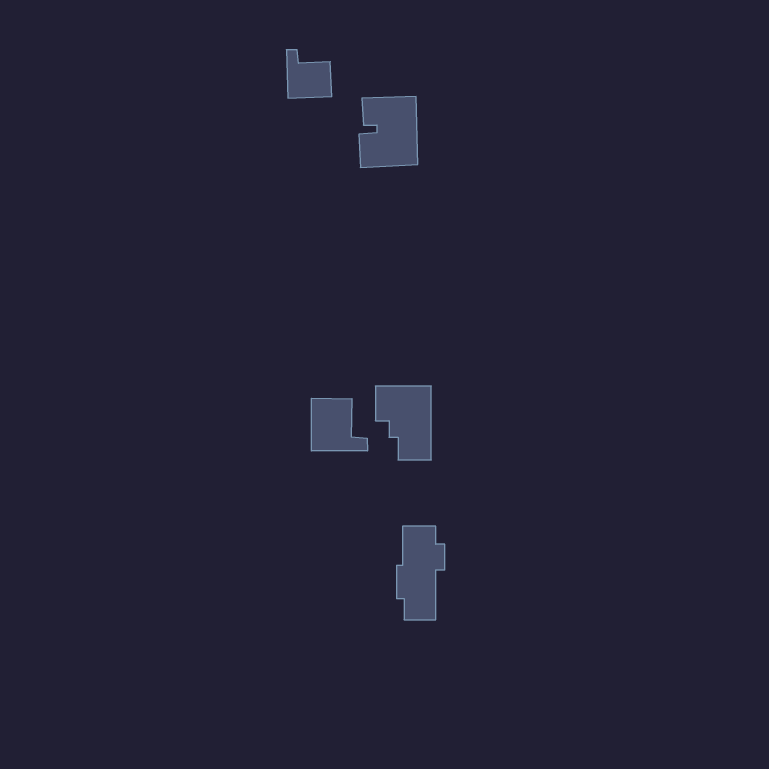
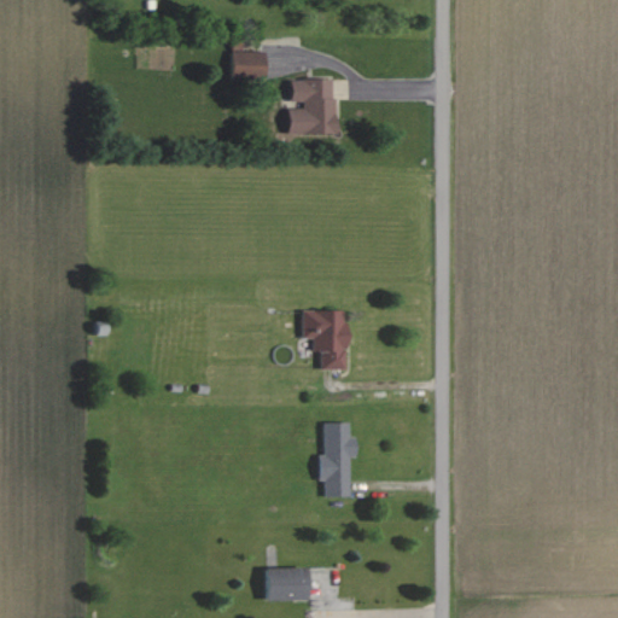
building: [311,398,367,451] -> none
building: none -> [266,567,309,601]

